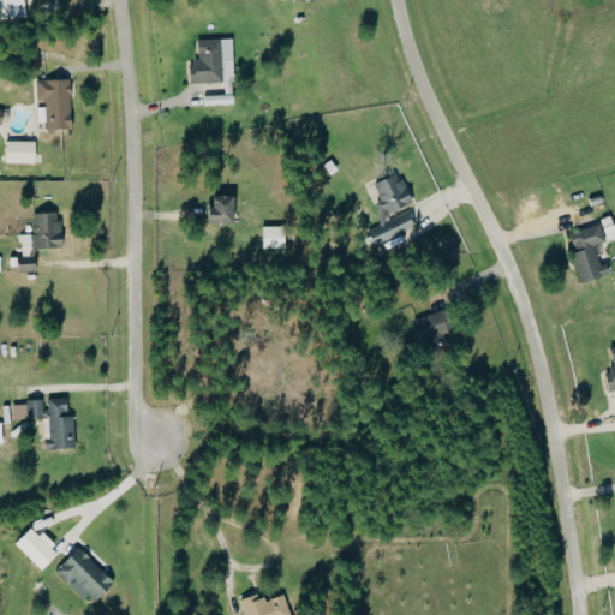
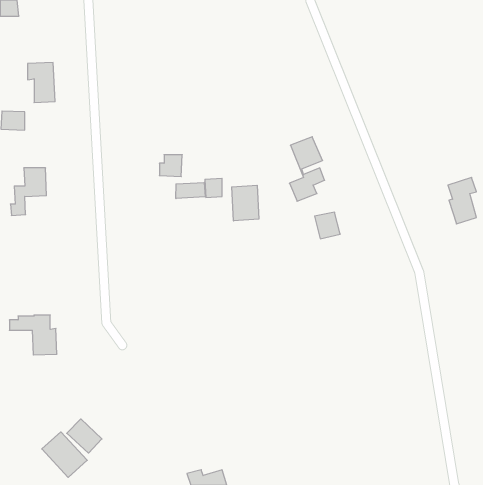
building: [187,40,234,106] -> none
building: none -> [176,182,205,199]
building: none -> [232,185,259,221]
building: [418,312,450,346] -> [315,212,340,239]
building: [13,526,58,569] -> [67,419,102,453]

